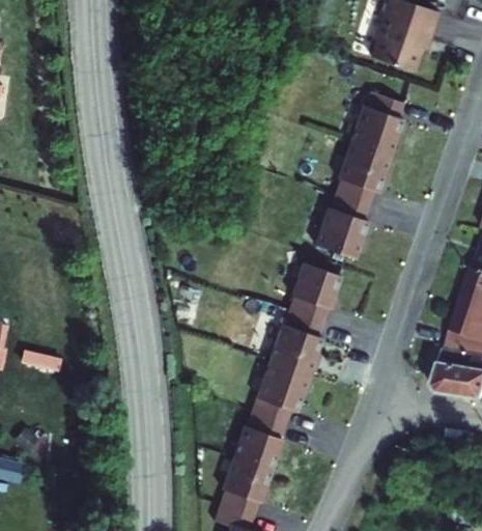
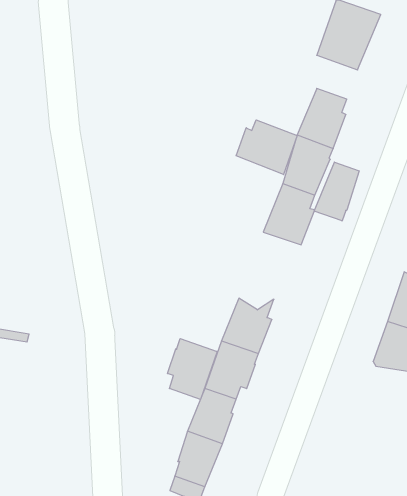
building: none -> [236,120,297,175]
building: none -> [314,162,359,221]
building: [287,267,340,331] -> none
building: none -> [168,339,217,400]

